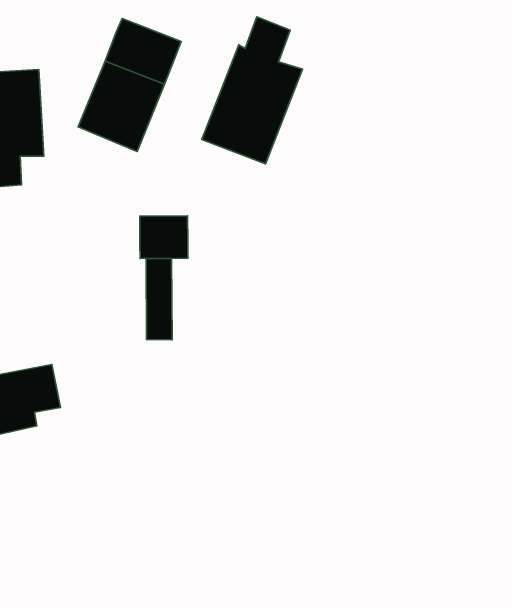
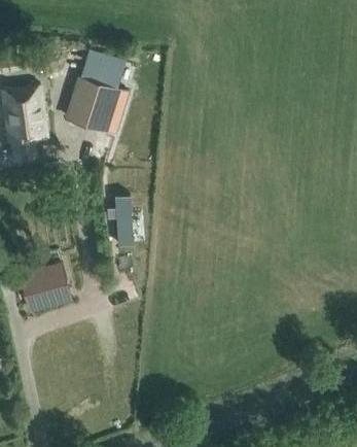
building: [202,17,302,164] -> none
building: [140,216,188,259] -> none

